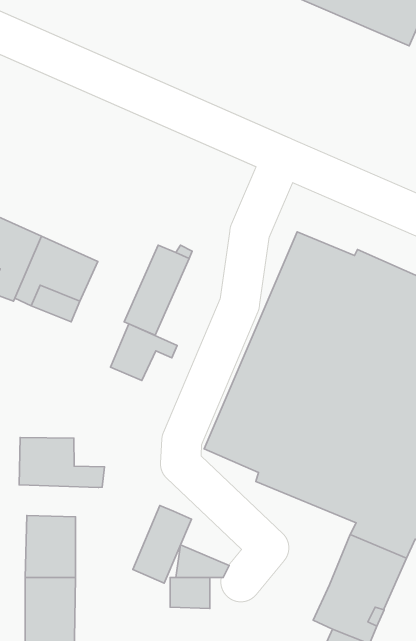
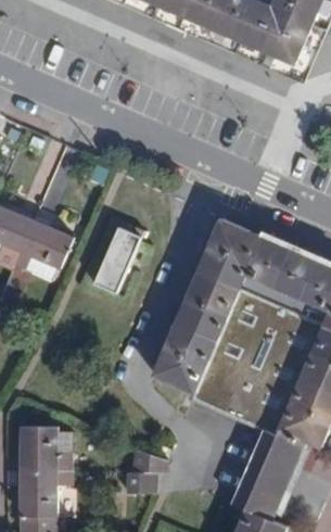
building: [110,324,177,381] -> none
building: [19,438,105,487] -> none
building: [133,505,191,583] -> none

